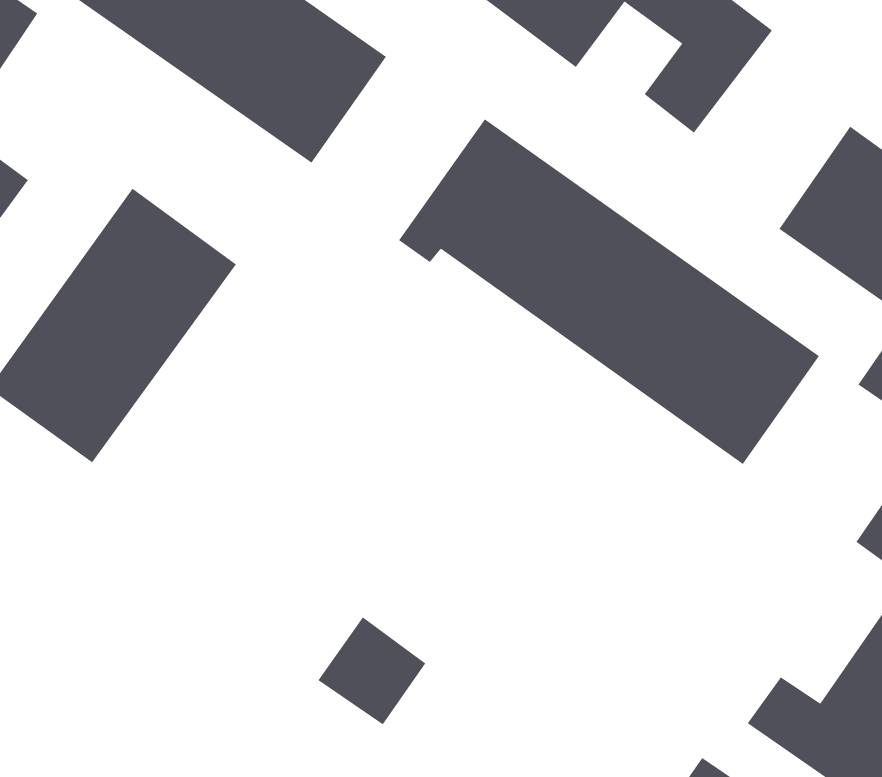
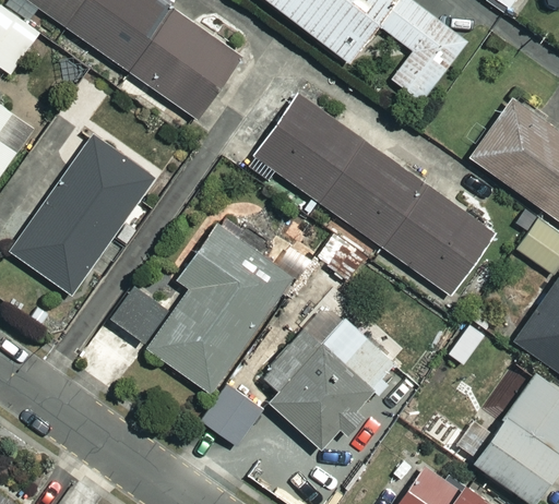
building: none -> [111,220,289,392]
building: none -> [263,302,396,448]

